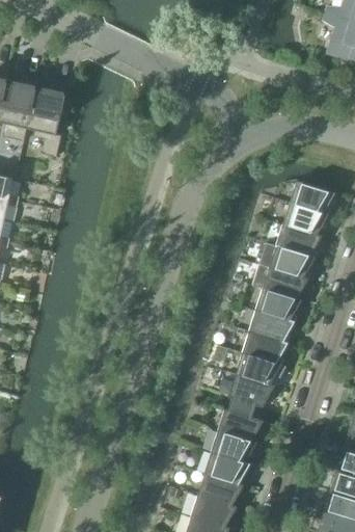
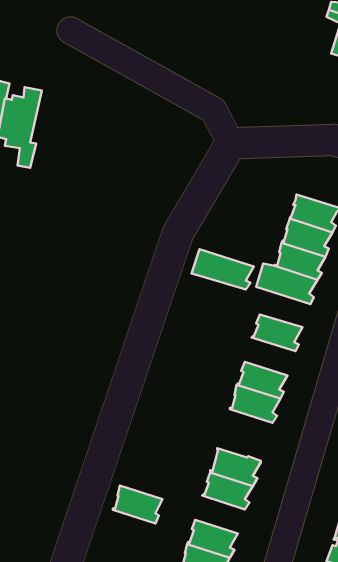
building: [251,265,307,301] -> [192,249,254,290]
building: [248,311,294,345] -> none
building: [223,375,273,419] -> none
building: [203,453,248,487] -> [113,485,162,524]

